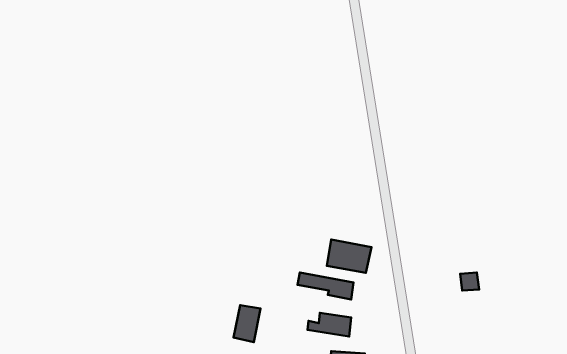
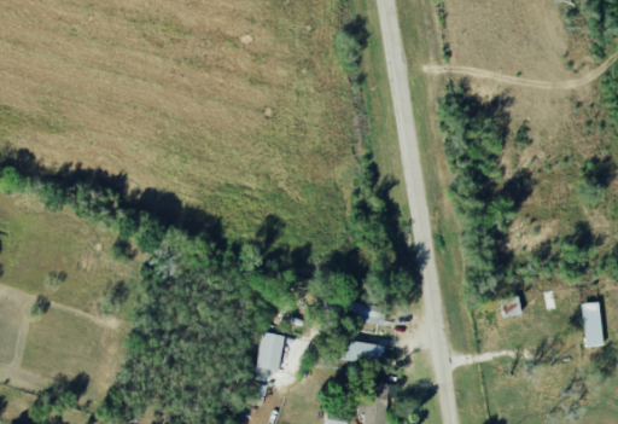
building: [327,240,371,273] -> none
building: none -> [579,301,604,347]

